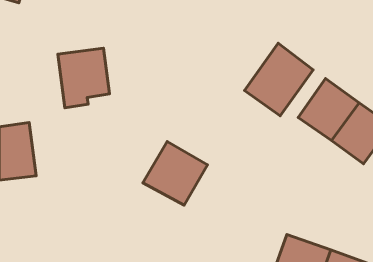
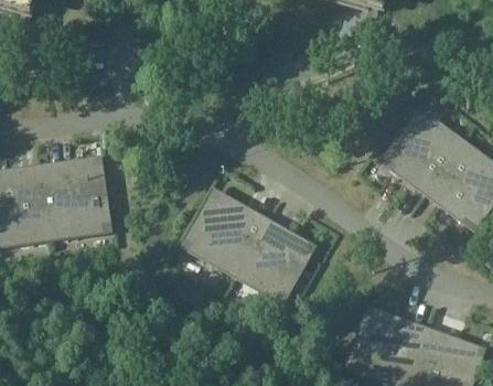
building: [245,43,313,116] -> none
building: [58,48,110,108] -> [41,159,107,235]
building: none -> [239,221,313,298]

